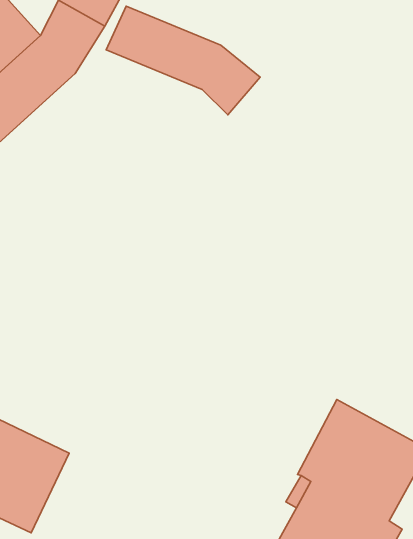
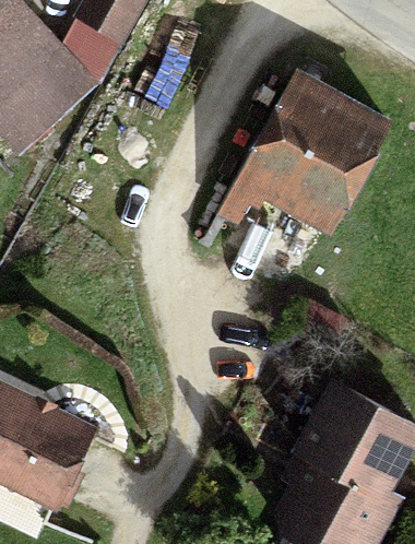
building: [106,6,260,115] -> none
building: none -> [240,74,389,227]

